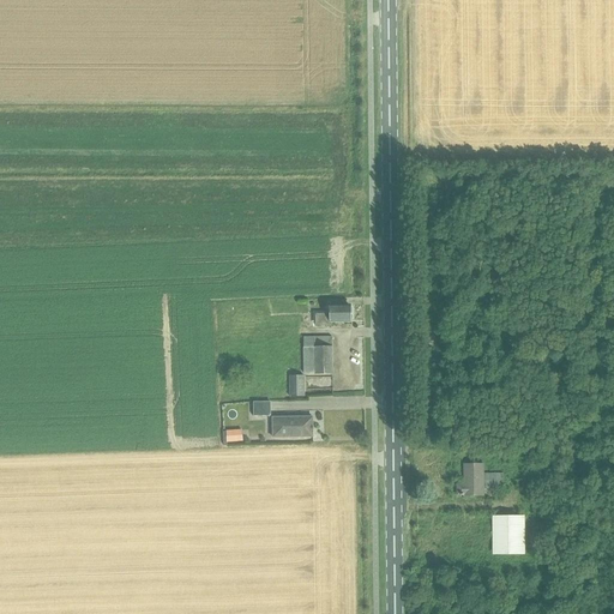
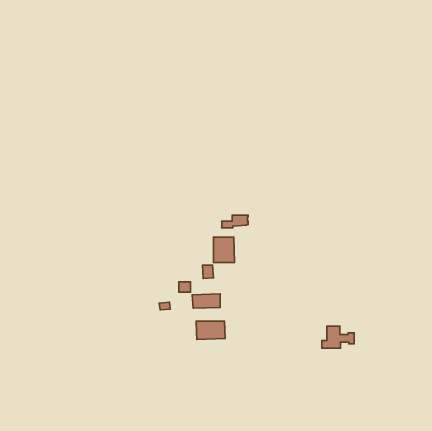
building: none -> [196,321,225,339]
building: [493,514,522,550] -> none

